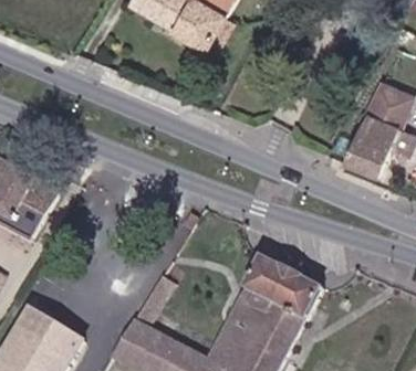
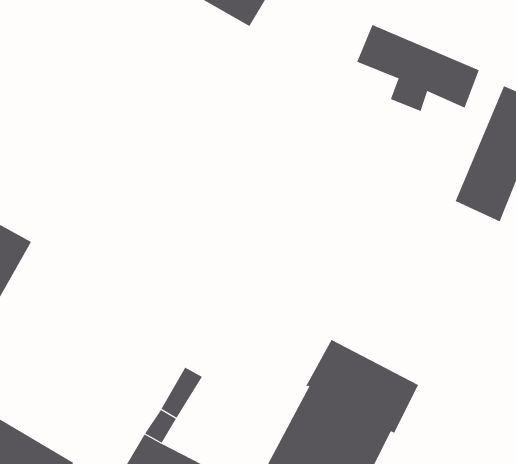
building: none -> [356,24,479,112]

